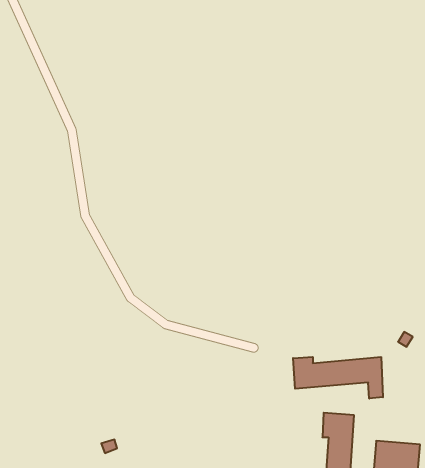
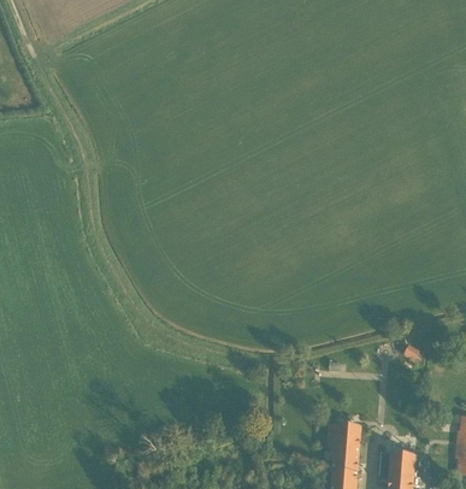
building: [293,357,383,399] -> none

